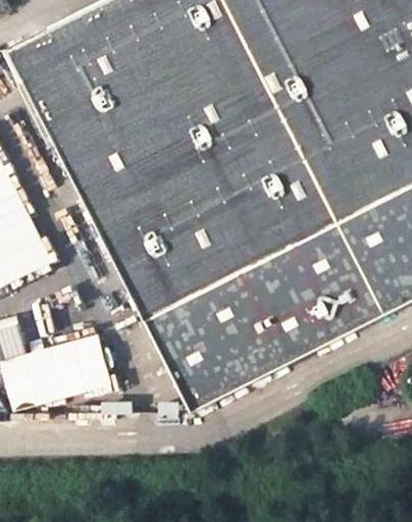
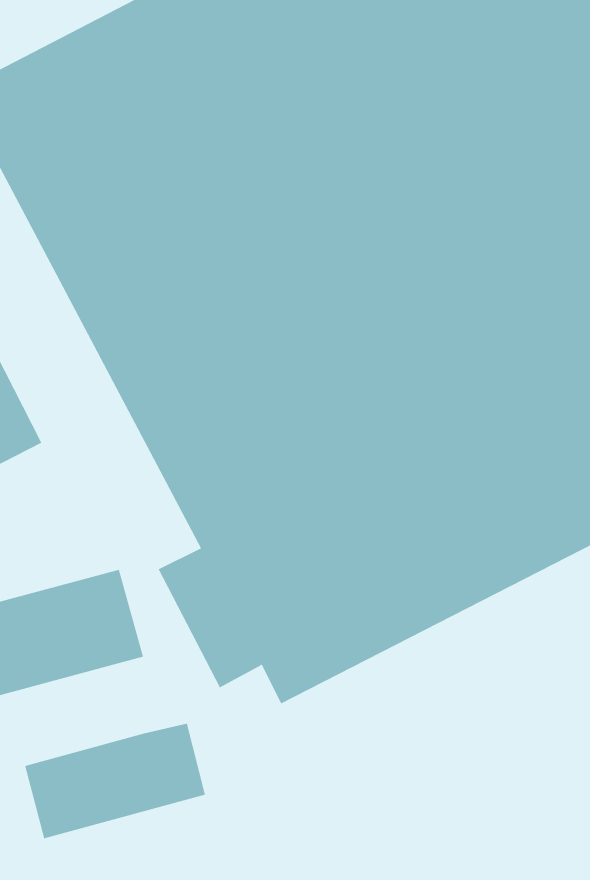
building: none -> [25,723,205,839]

